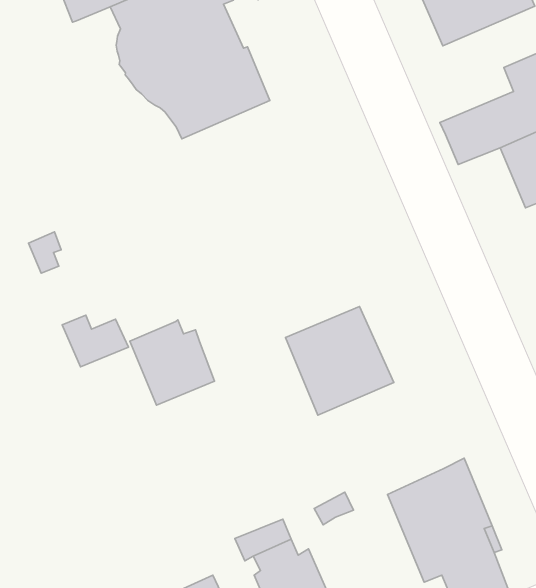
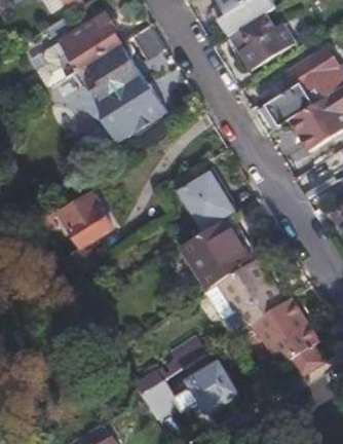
building: none -> [181,170,235,228]
building: [130,320,214,405] -> [61,195,110,244]
building: none -> [218,258,282,324]

